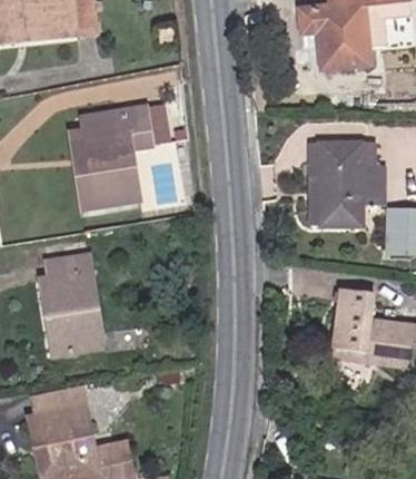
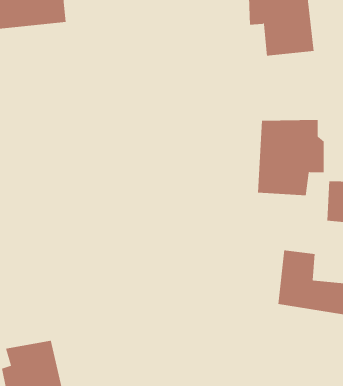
building: [68,102,153,212] -> none
building: [39,254,100,358] -> none

